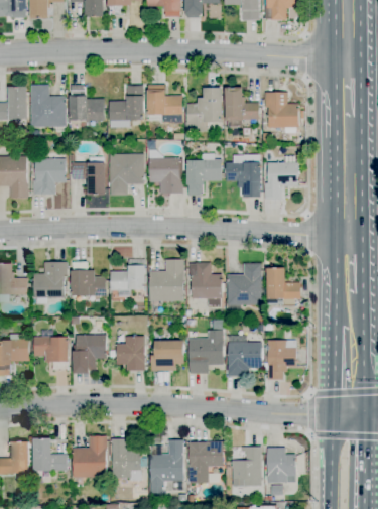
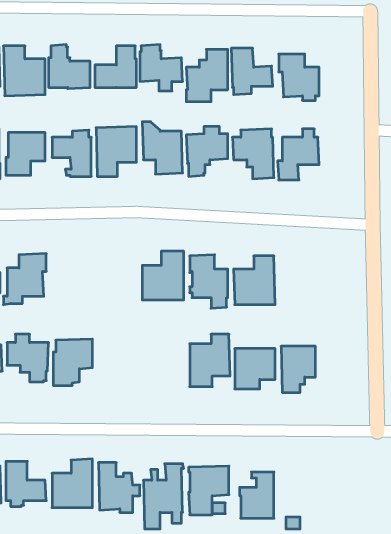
building: [111,259,145,296] -> none
building: [72,262,107,295] -> none
building: [267,267,301,306] -> none
building: [117,336,145,370] -> none
building: [151,340,184,370] -> none
building: [267,448,296,482] -> none

